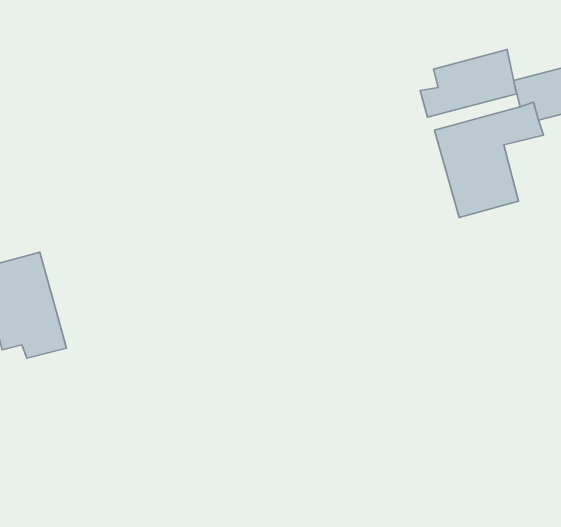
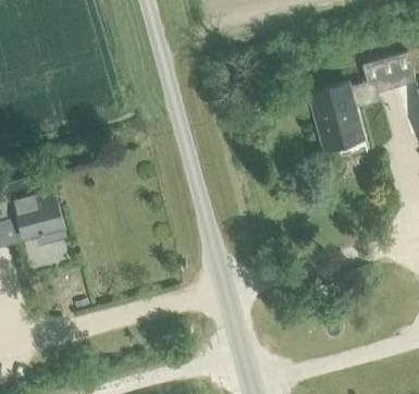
building: [420,49,516,117] -> none

